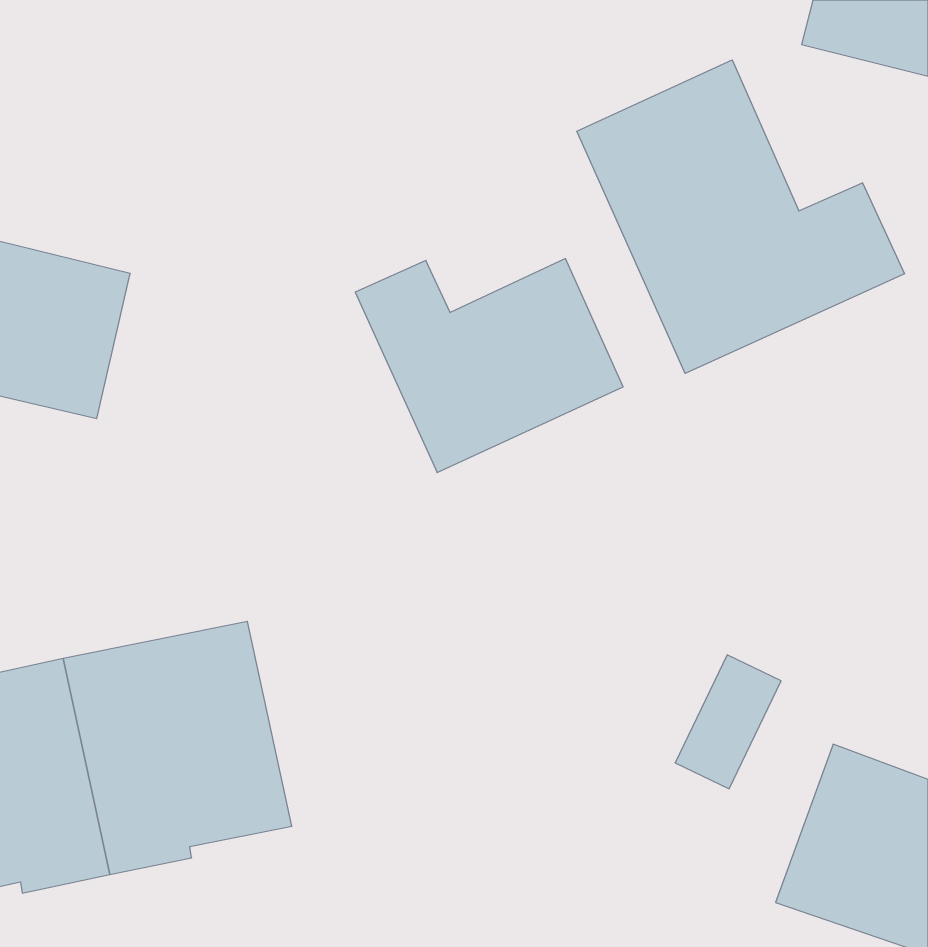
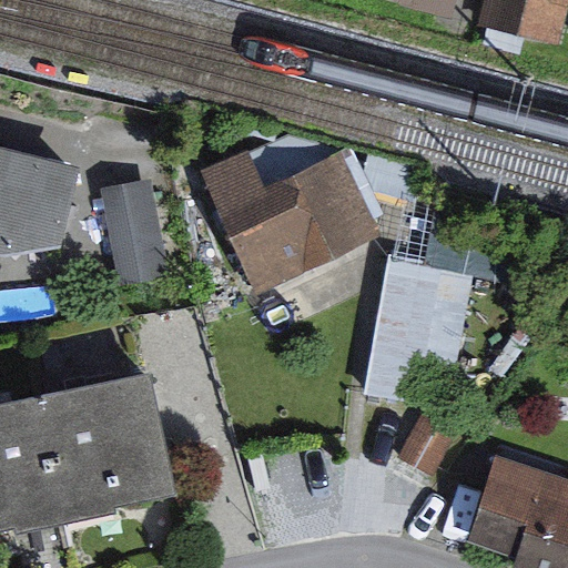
building: [577,60,904,373] -> none
building: none -> [102,181,165,287]
building: none -> [367,255,439,399]

